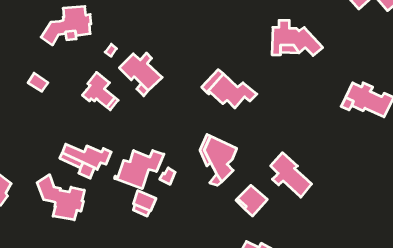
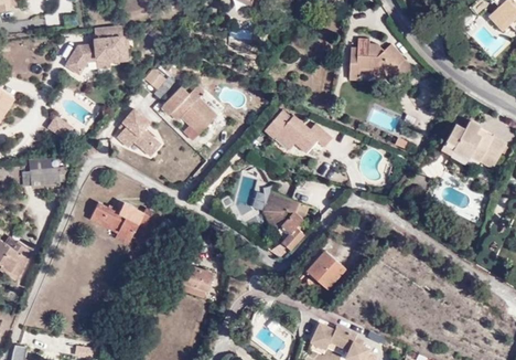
building: none -> [29,153,64,182]
building: [115,150,164,189] -> none
building: [271,153,312,197] -> none
building: [37,175,84,220] -> none

